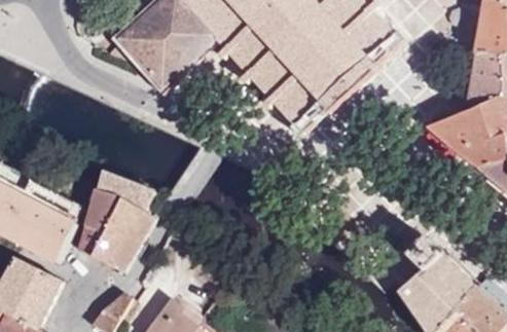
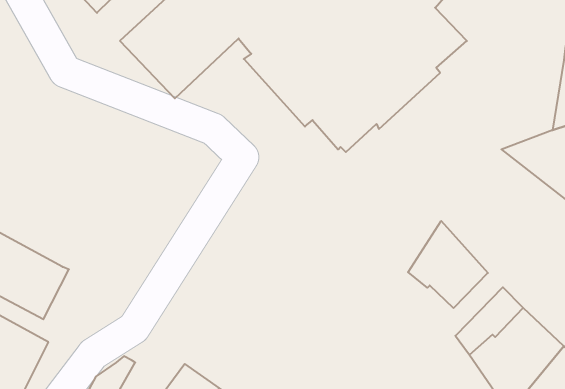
building: [77,170,154,271] -> none
building: none -> [408,221,488,308]

